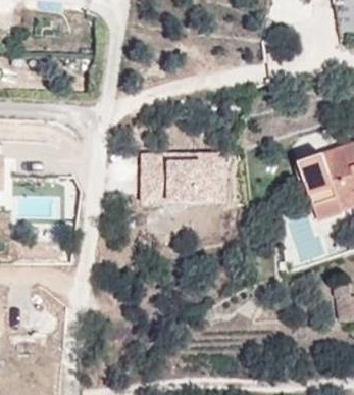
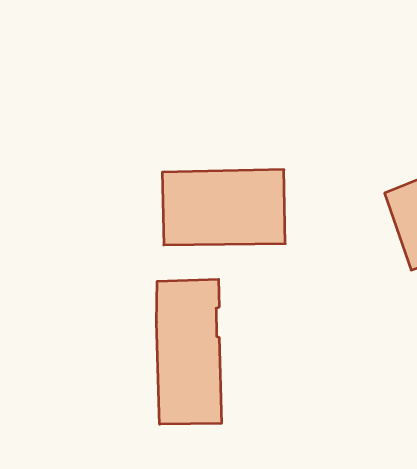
building: none -> [157,279,221,424]

